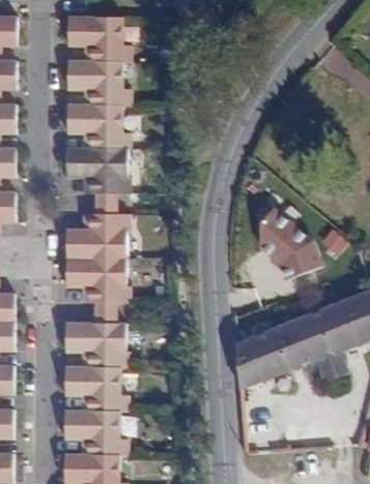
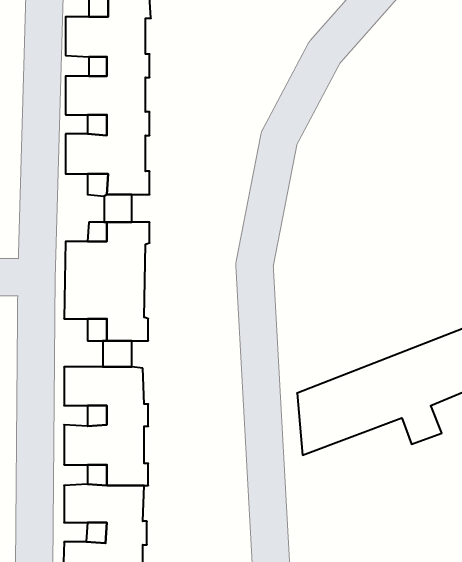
building: [261,207,324,281] -> none

